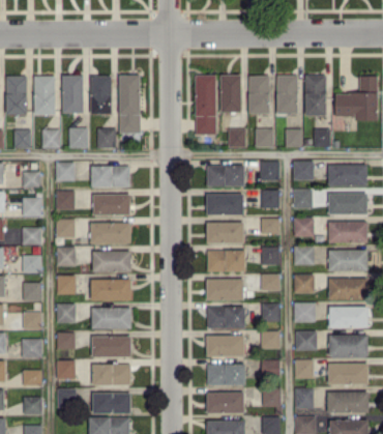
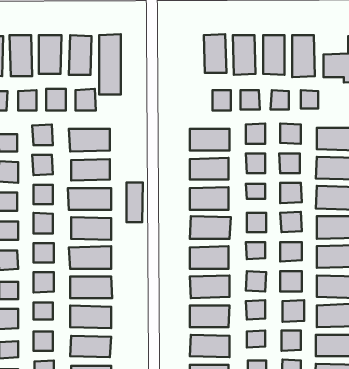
building: [195,75,215,135] -> none
building: none -> [126,183,143,222]

